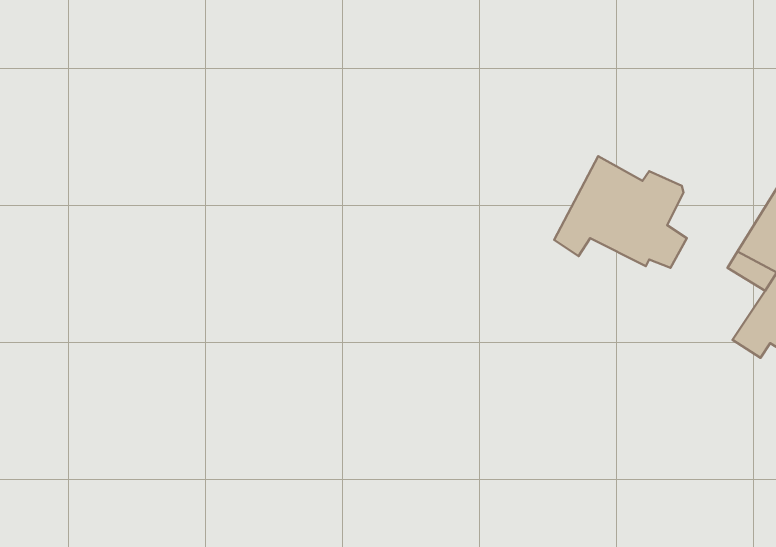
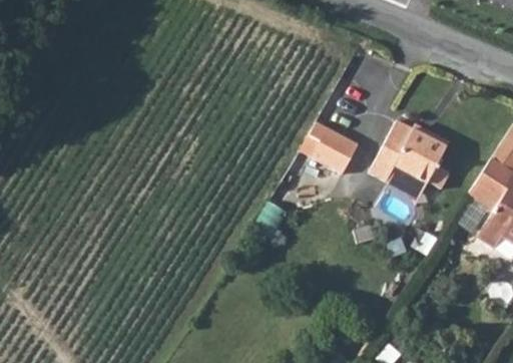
building: none -> [308,122,358,173]

